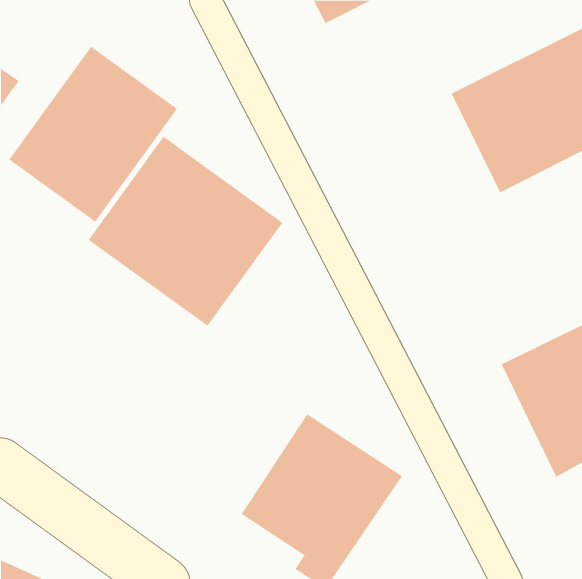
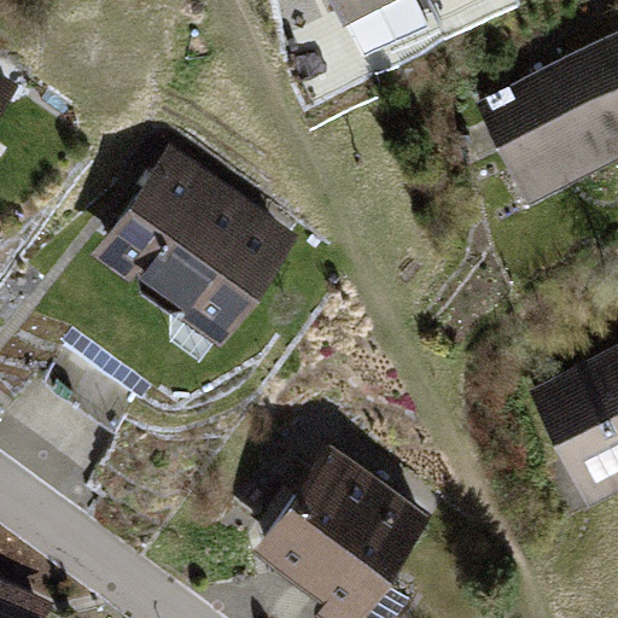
building: [8,46,178,223] -> none

